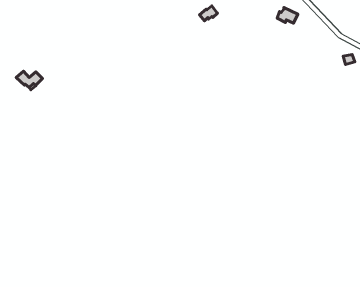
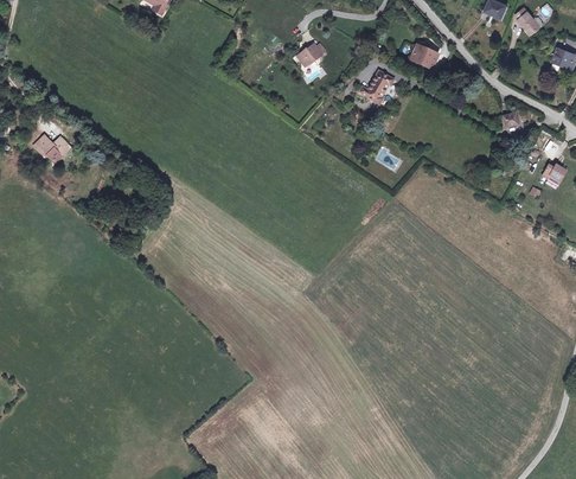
building: none -> [359,70,395,104]

